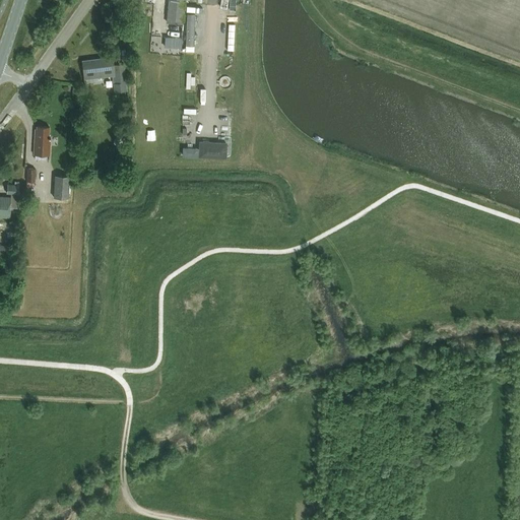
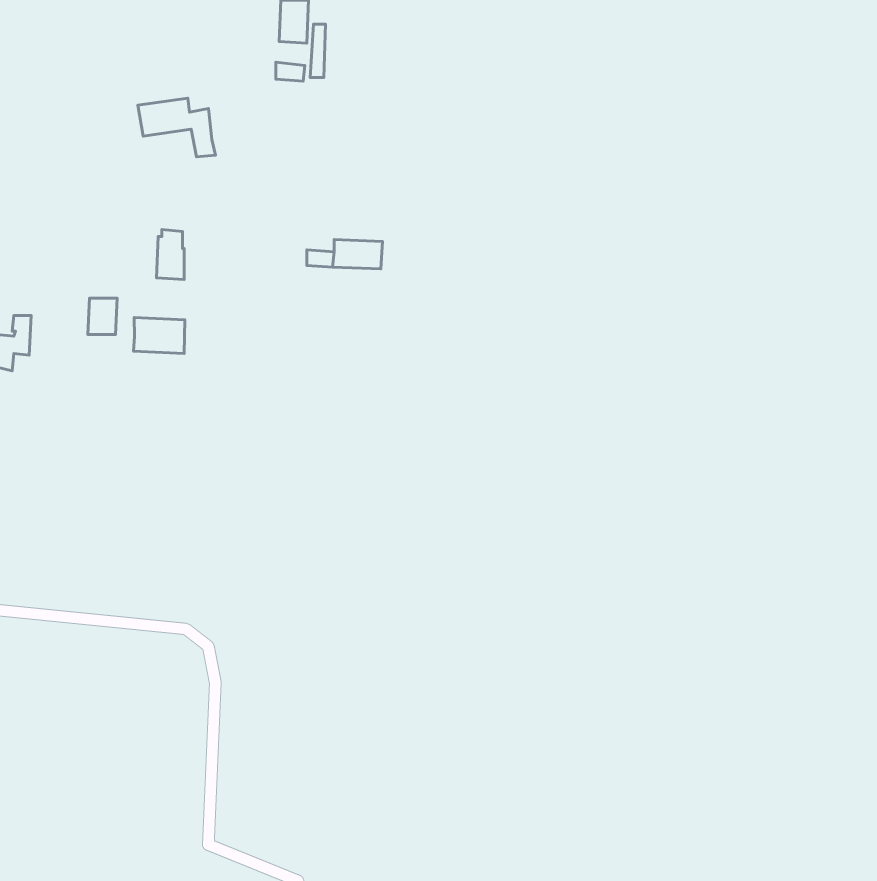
building: [32,127,49,156] -> [157,230,184,280]
building: none -> [133,317,185,353]

